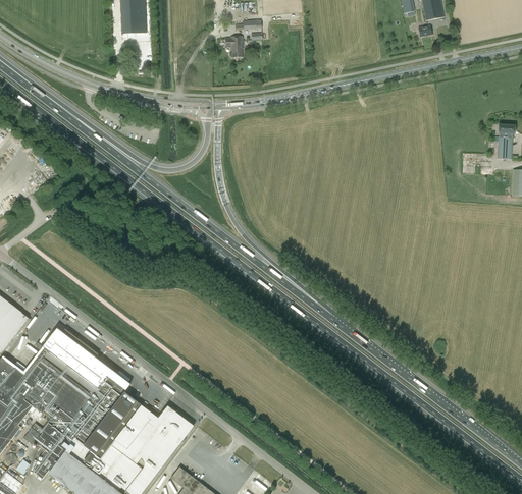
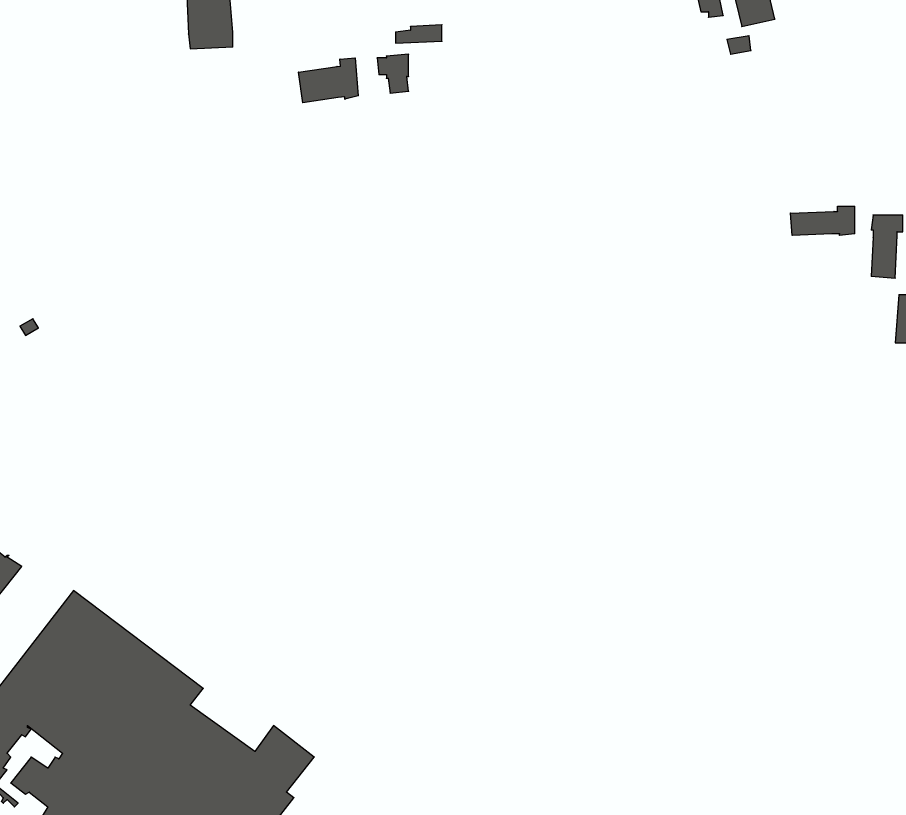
building: none -> [299,58,358,103]
building: none -> [790,206,855,235]

